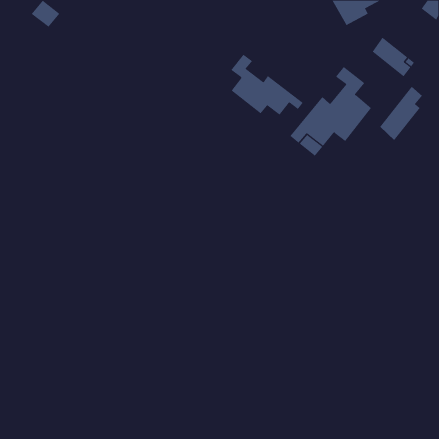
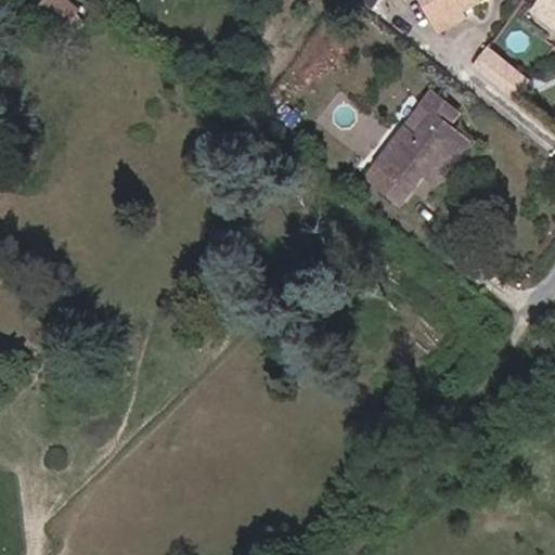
building: [230,54,303,116] -> none
building: [379,86,423,141] -> none

